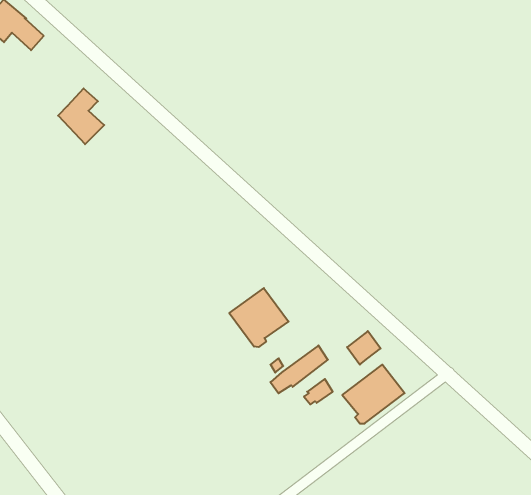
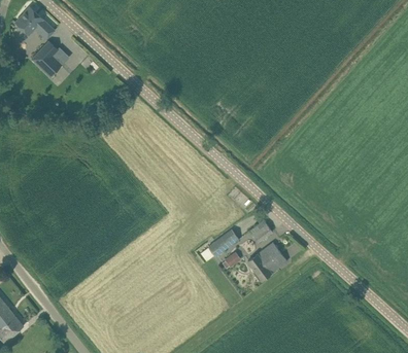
building: [58,88,104,144] -> [32,41,62,77]
building: [229,288,289,347] -> none

